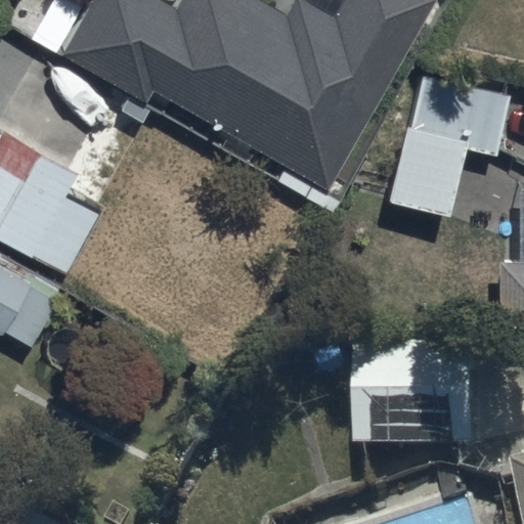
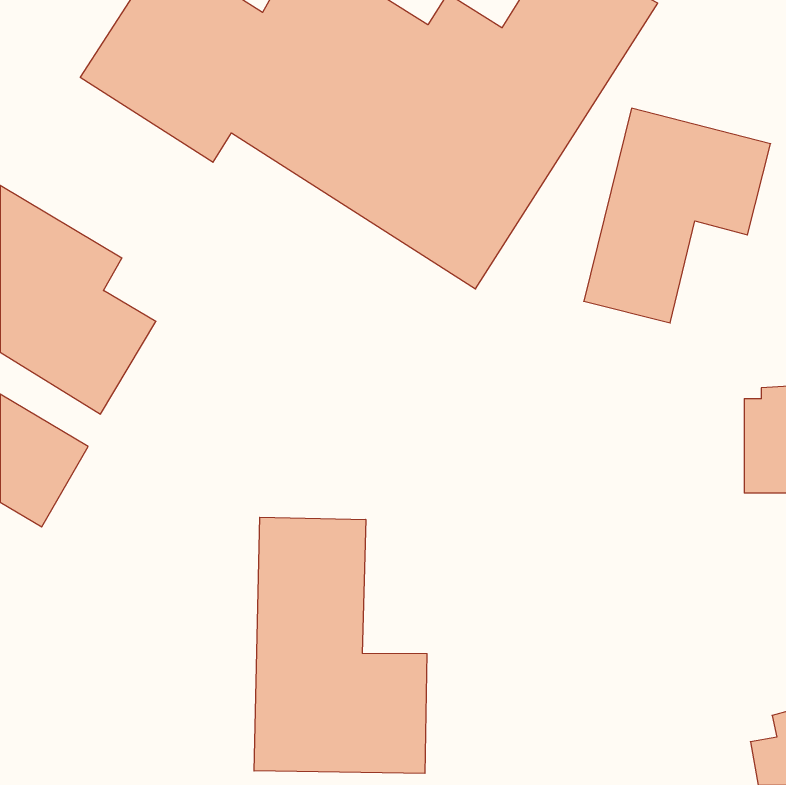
building: none -> [254,517,427,773]
building: [350,353,477,461] -> none

